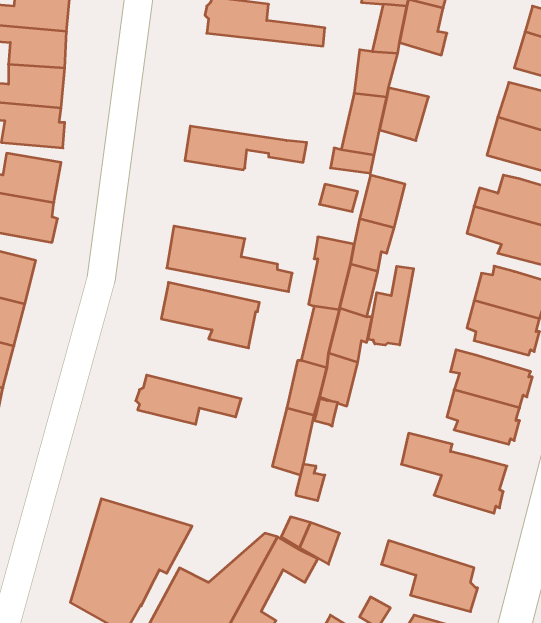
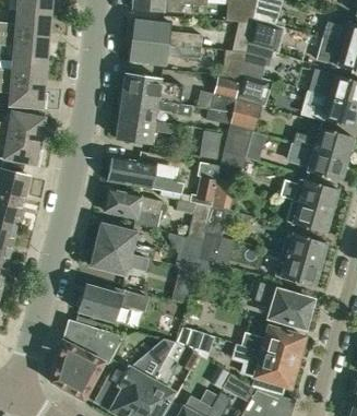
building: none -> [128,39,202,64]
building: none -> [241,45,273,76]
building: none -> [122,73,183,104]
building: none -> [230,97,258,130]
building: none -> [116,116,177,143]
building: [368,266,414,345] -> none
building: none -> [96,223,156,259]
building: none -> [78,283,148,322]
building: none -> [241,326,305,360]

